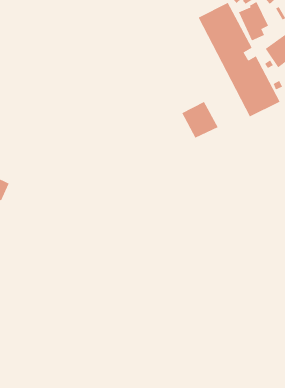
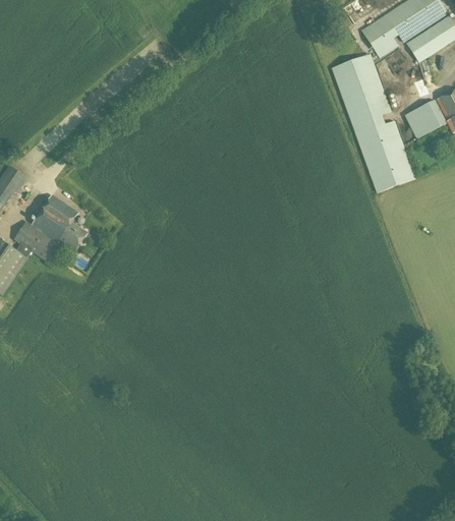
building: [182,101,219,138] -> none

